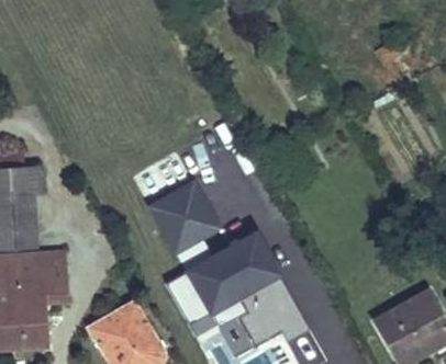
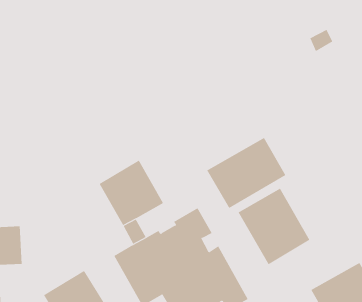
building: none -> [207,137,286,209]
building: none -> [238,188,310,265]

